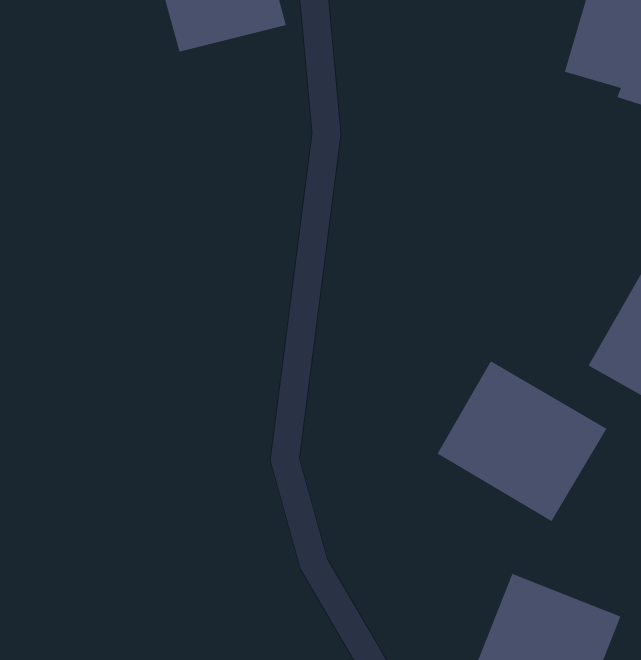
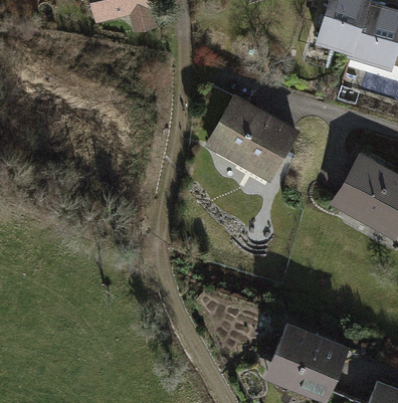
building: [437,360,608,522] -> [204,93,300,184]

